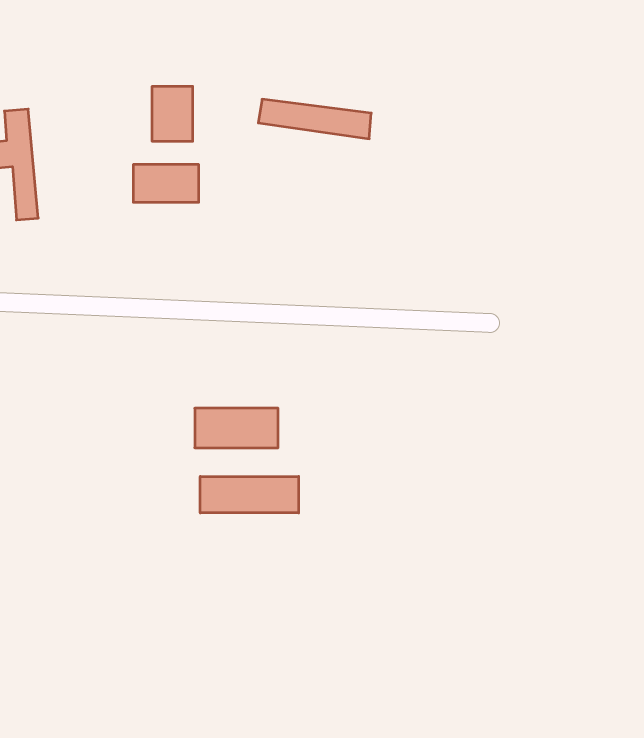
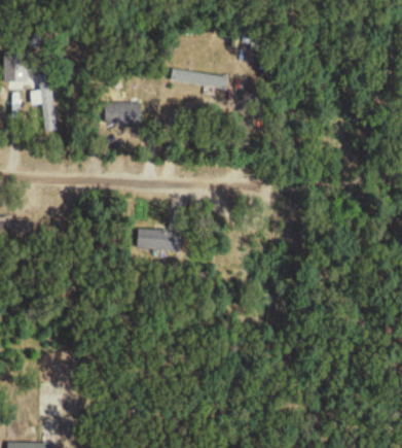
building: [152,86,193,141] -> none
building: [200,476,299,513] -> none

